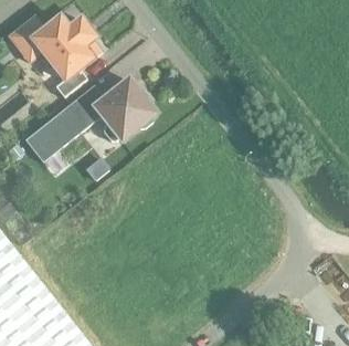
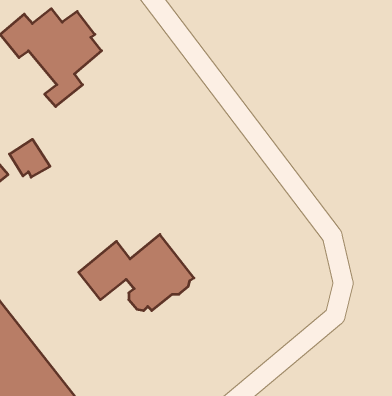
building: [64,81,158,143] -> [79,234,194,311]

